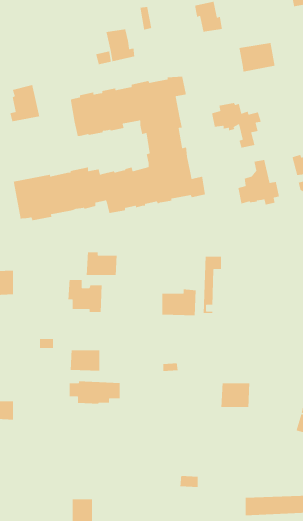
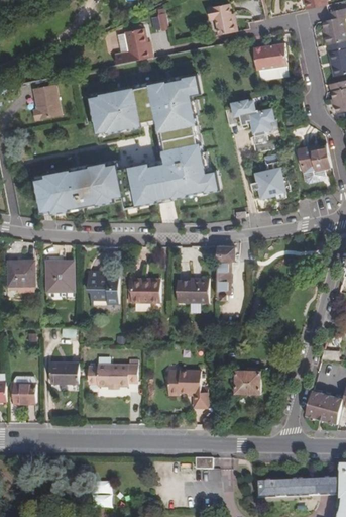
building: [86,252,118,276] -> [131,278,161,301]
building: none -> [45,262,74,292]
building: [70,349,100,372] -> [49,365,79,386]
building: none -> [166,376,206,414]

